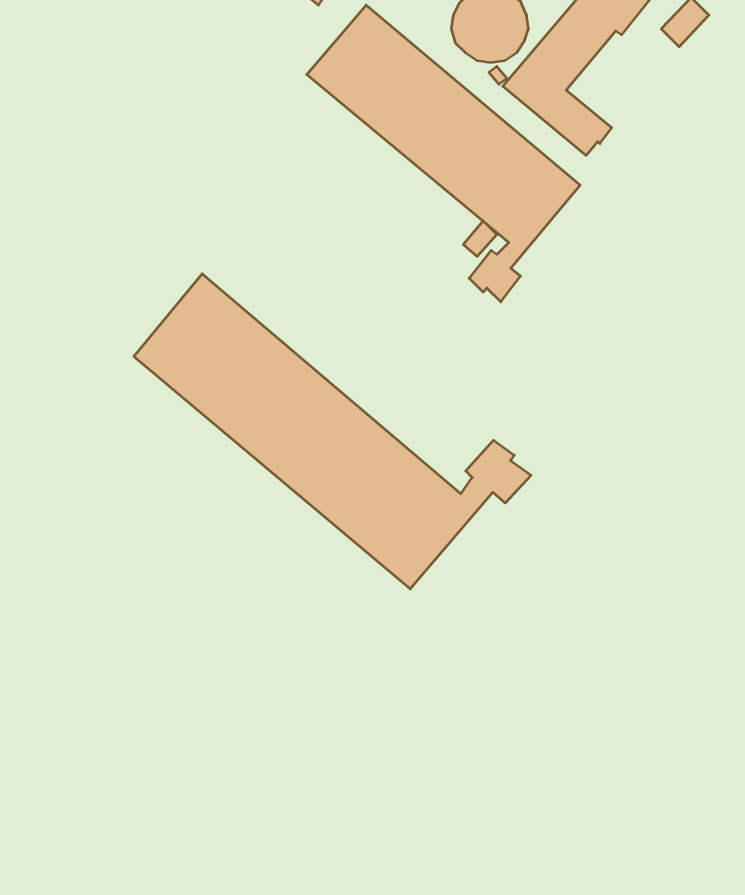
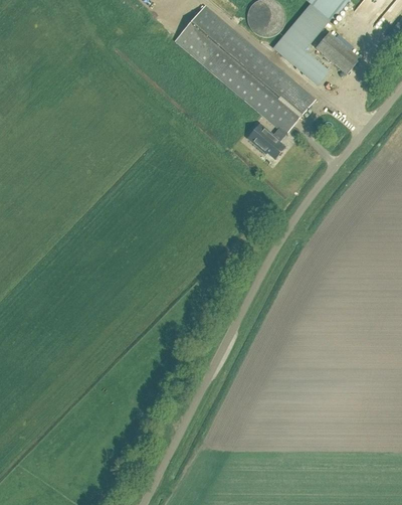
building: none -> [316,31,361,73]
building: [134,274,531,589] -> none

